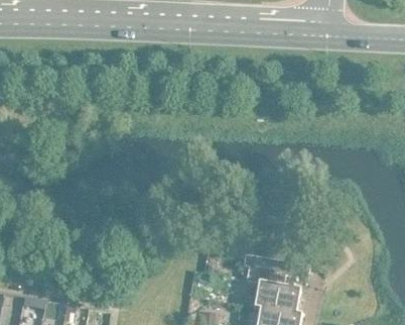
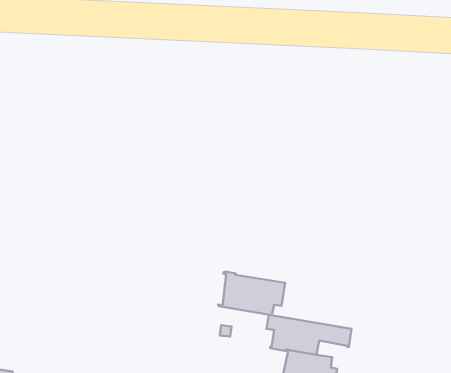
building: none -> [218,272,285,315]

